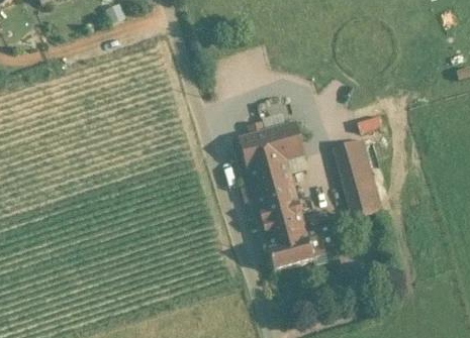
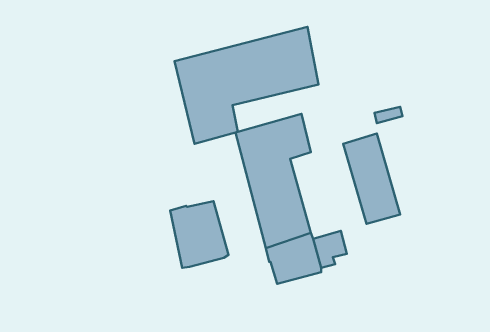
building: none -> [174,27,319,144]
building: none -> [170,201,228,268]

